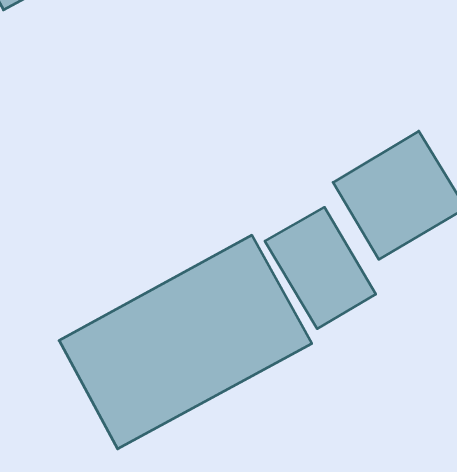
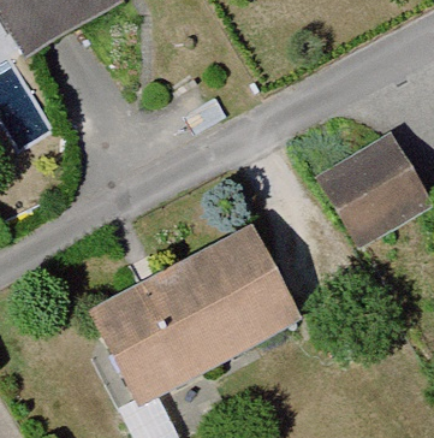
building: [265,207,376,329] -> none

